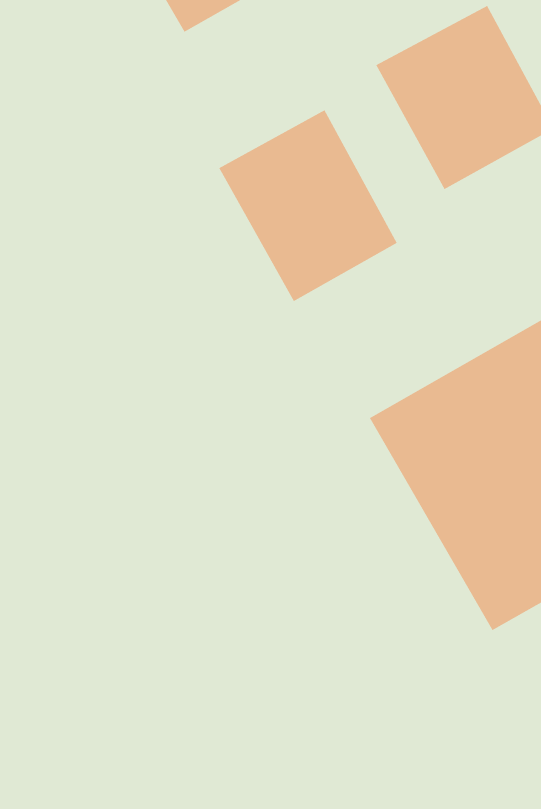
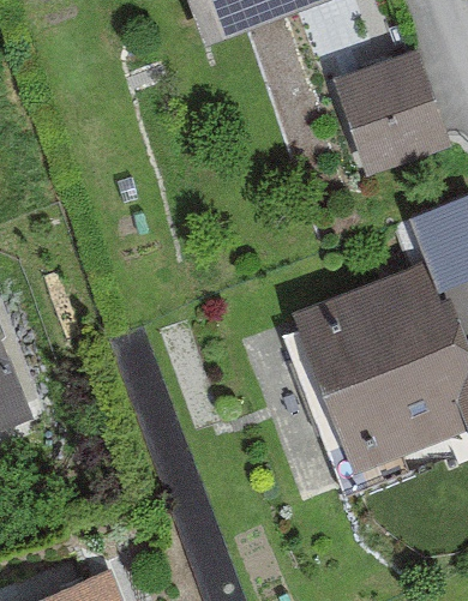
building: [218,109,398,302] -> none

